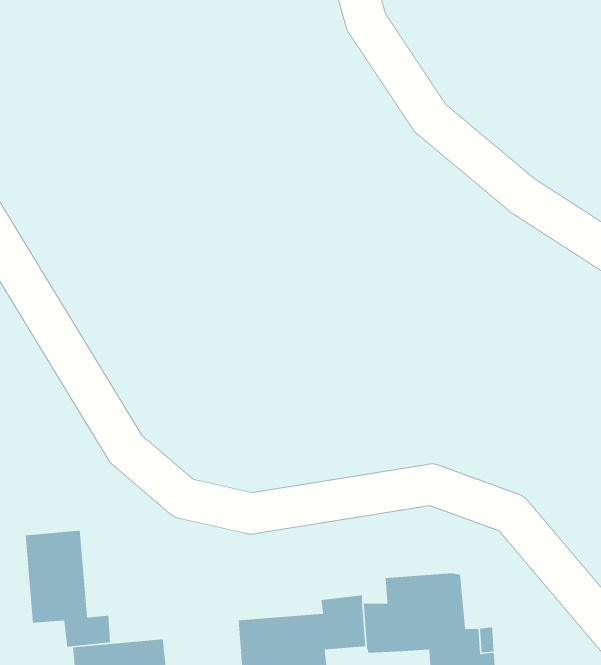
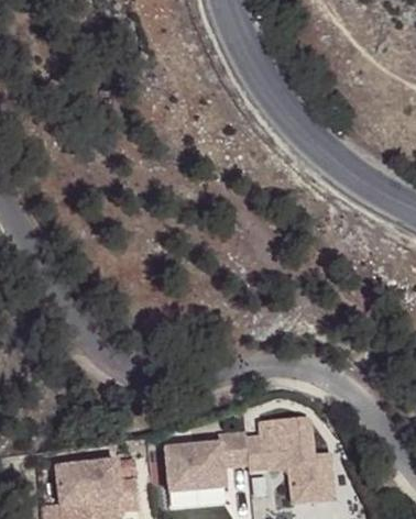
building: [25,530,111,647] -> none

